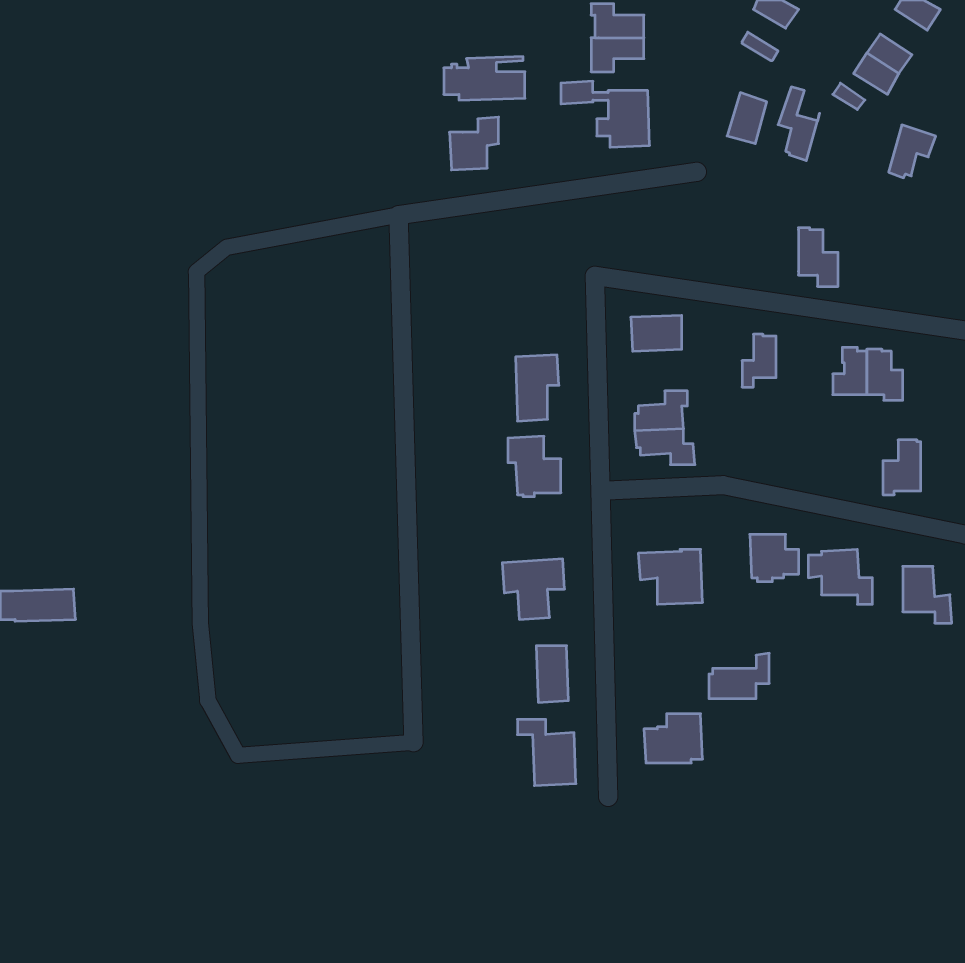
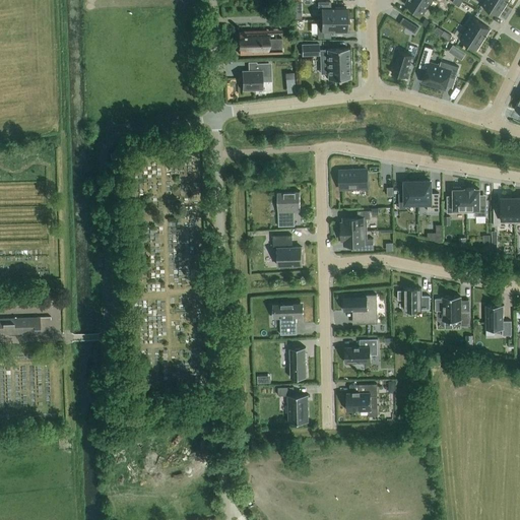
building: [889,125,936,178] -> [434,62,459,90]
building: [798,228,838,286] -> [417,181,439,212]
building: [883,440,921,495] -> [495,197,515,226]
building: [709,653,769,699] -> [345,338,378,363]

